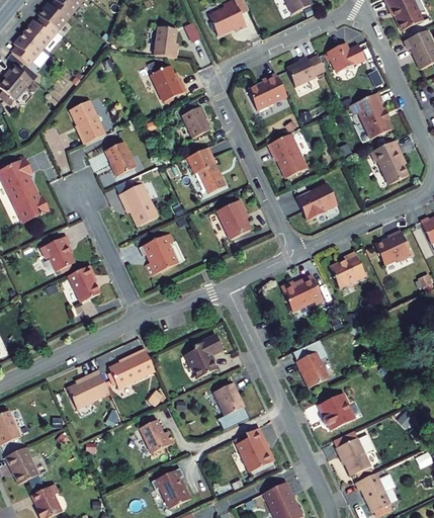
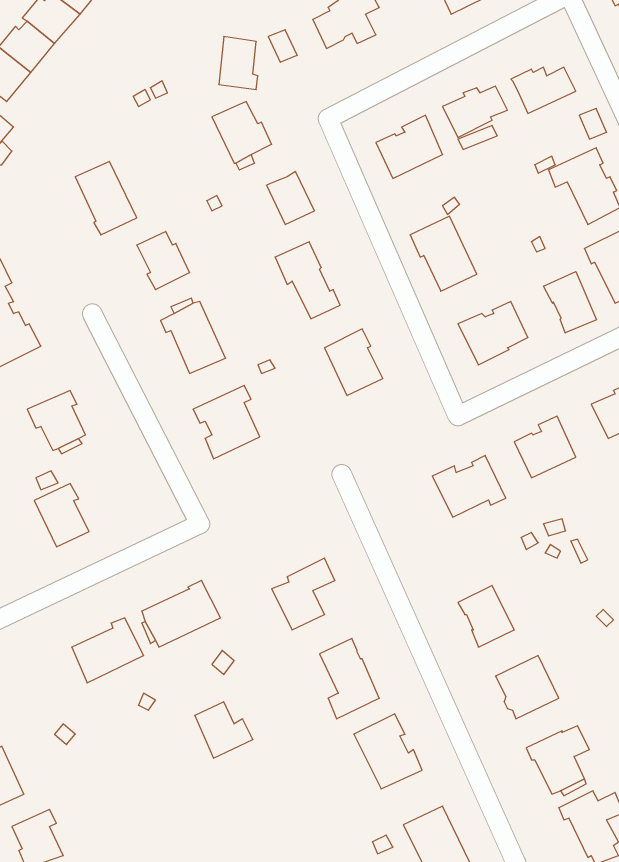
building: none -> [544,272,596,333]
building: [68,265,100,303] -> [34,484,89,547]
building: [151,467,191,505] -> none

